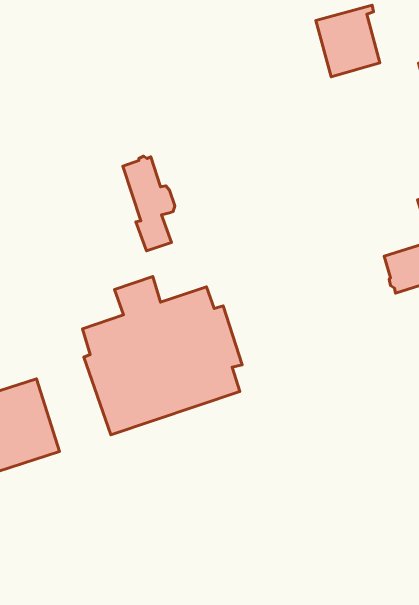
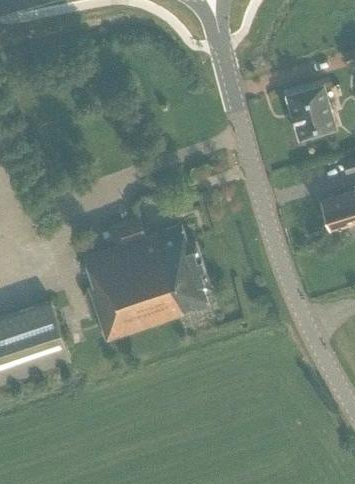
building: [316,5,380,77] -> [285,83,335,139]
building: [123,156,175,251] -> none

